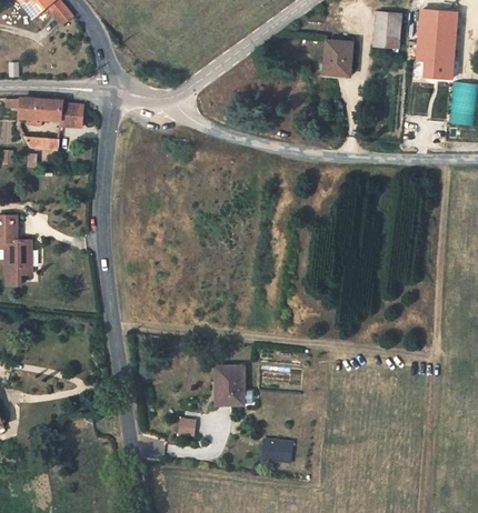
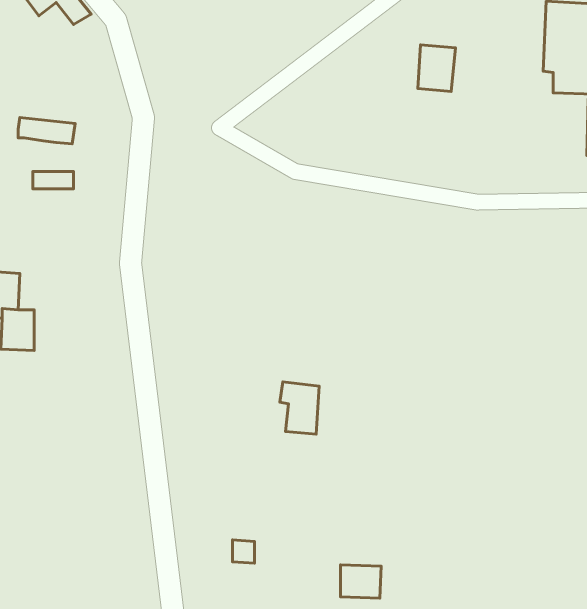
building: [371,12,399,49] -> none
building: [58,101,83,125] -> none
building: [208,365,238,405] -> [280,382,319,434]

